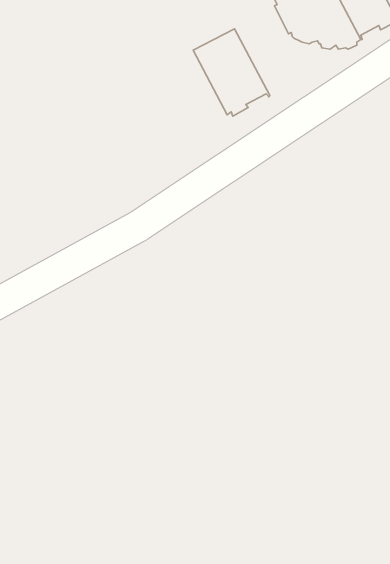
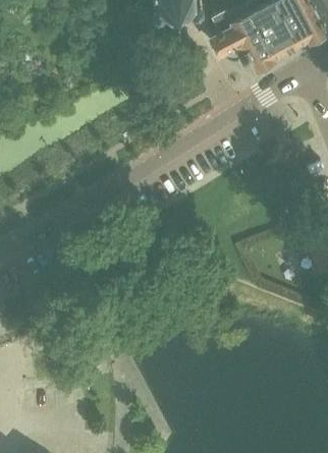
building: [193,29,270,116] -> none

